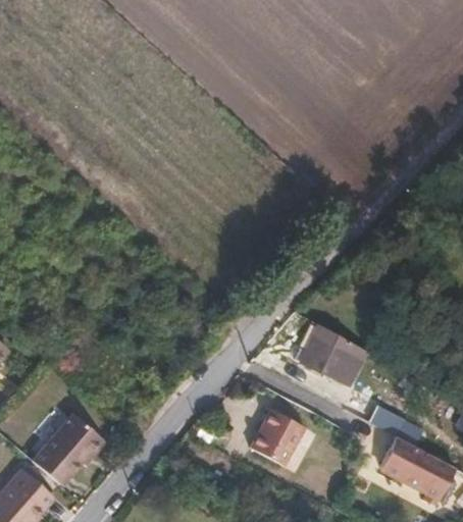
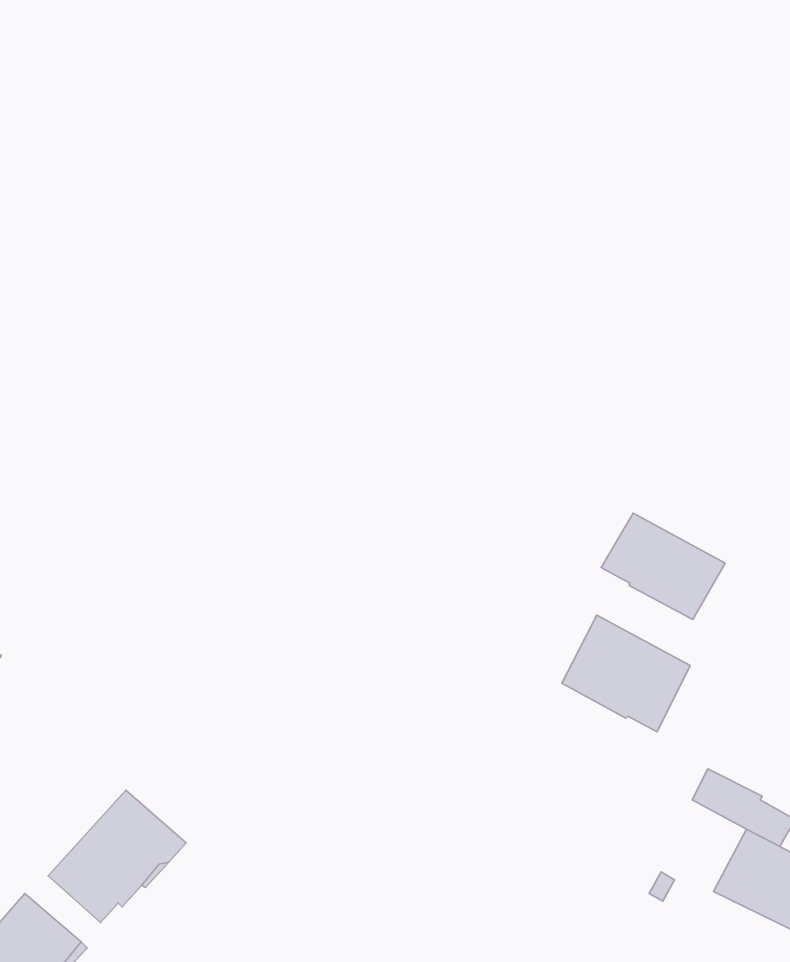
building: none -> [601,513,725,620]
building: [250,409,305,465] -> none

